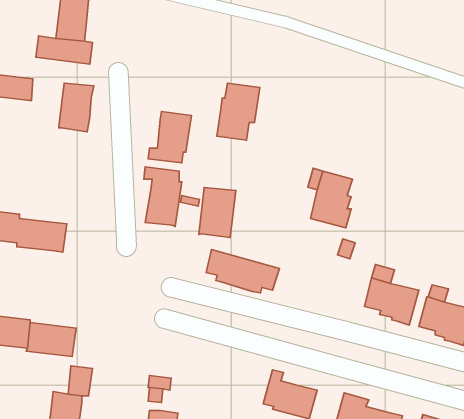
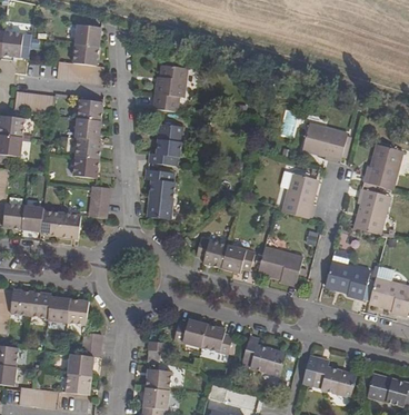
building: [217,83,260,140] -> [152,65,188,111]
building: none -> [302,123,349,162]
building: none -> [72,137,100,178]
building: none -> [362,144,402,189]
building: none -> [89,186,110,218]
building: [199,188,236,237] -> none
building: none -> [355,187,390,234]
building: none -> [258,246,302,286]
building: none -> [174,319,238,354]

